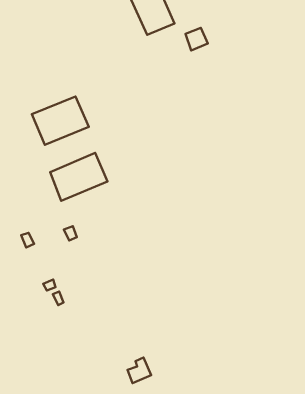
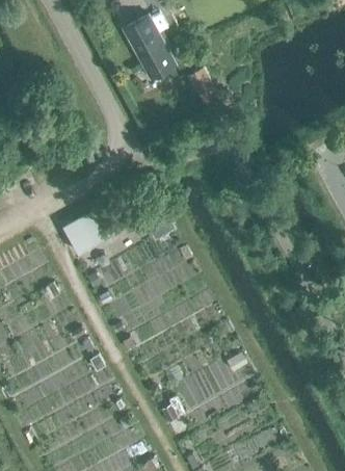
building: [32,97,89,145] -> none

